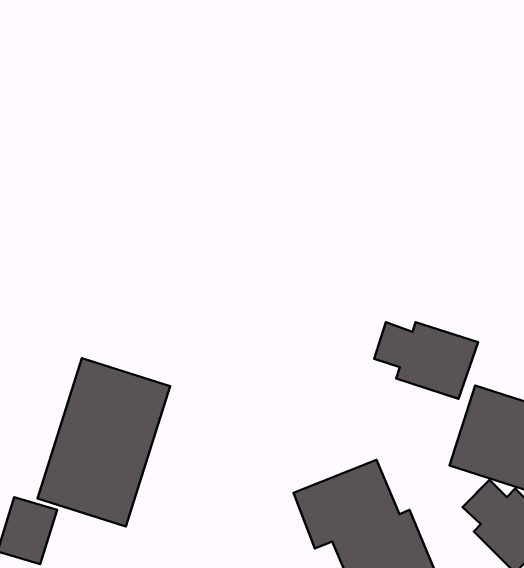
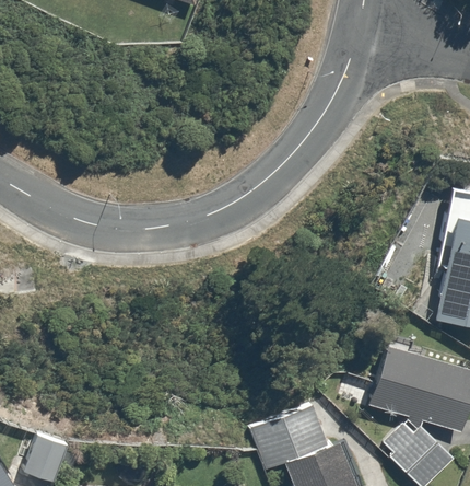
building: [374,322,478,399] -> none
building: [37,358,170,526] -> none

